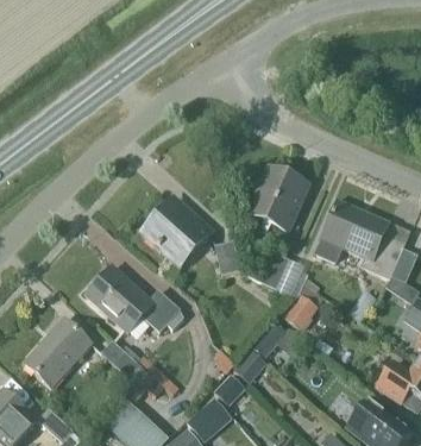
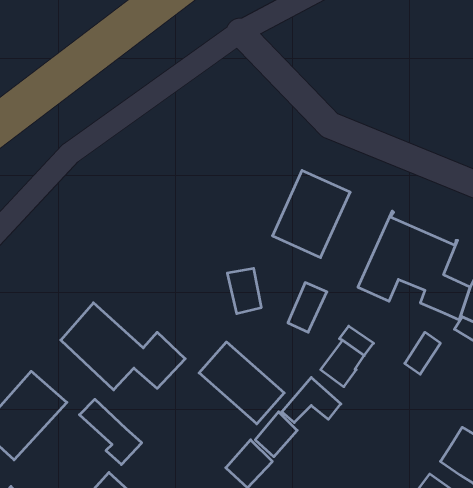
building: [143,200,212,264] -> none
building: none -> [199,342,284,424]

